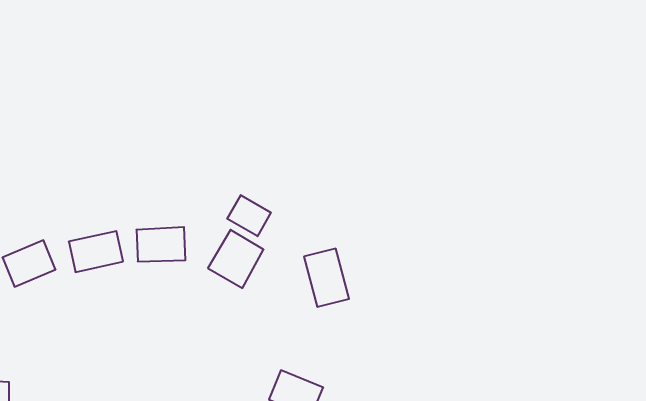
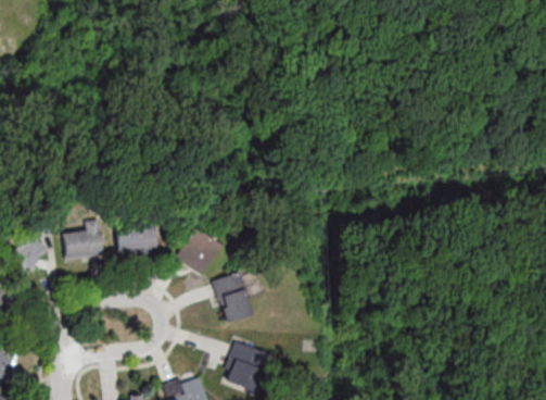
building: [227,195,271,236] -> none
building: [304,249,349,307] -> [214,274,251,322]

